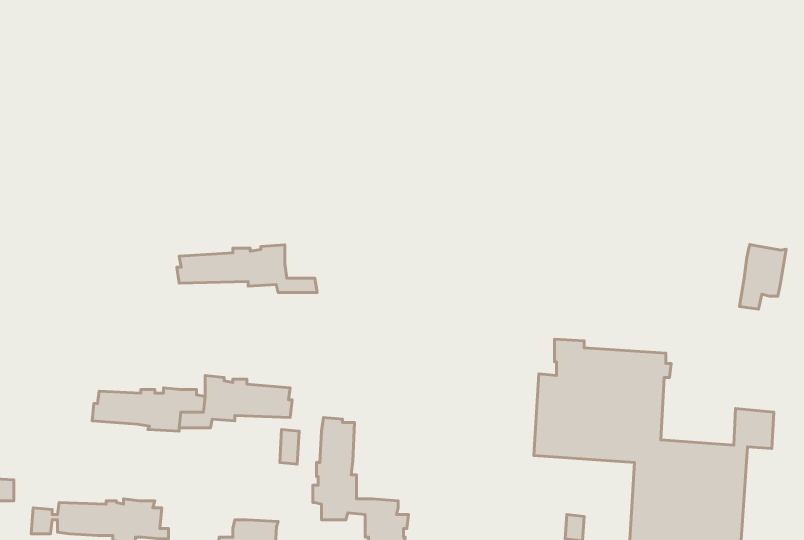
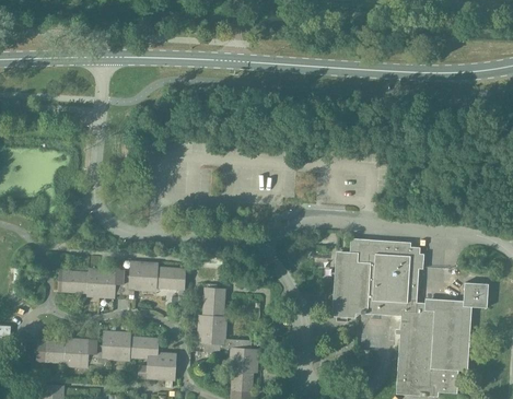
building: [740,244,786,309] -> none
building: [177,245,317,293] -> none
building: none -> [102,331,158,359]

